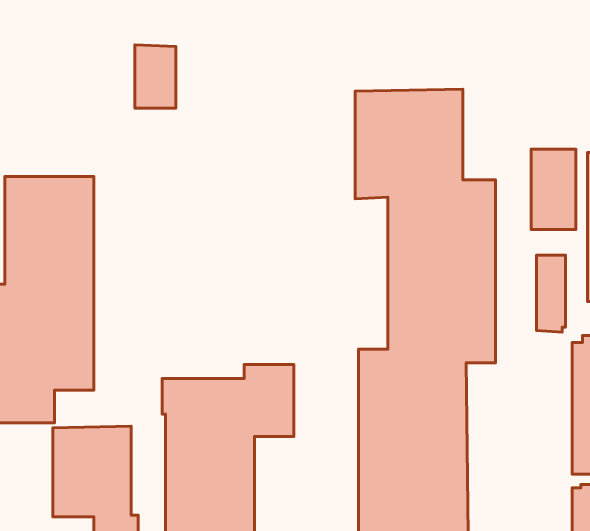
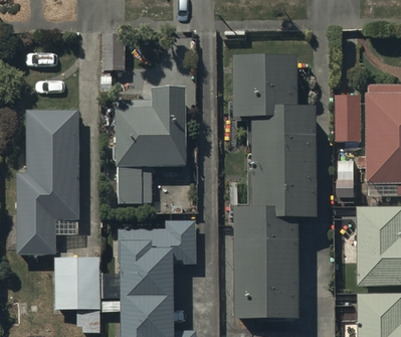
building: none -> [116,89,184,204]

